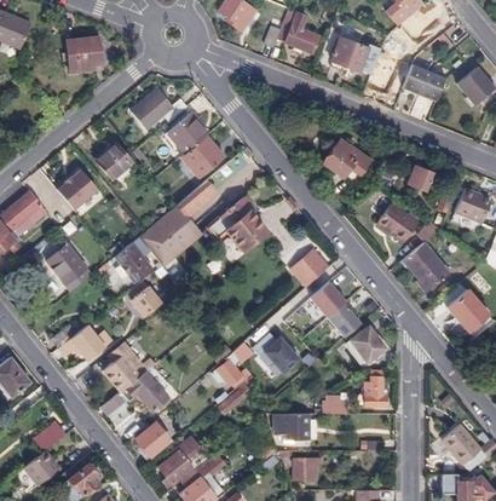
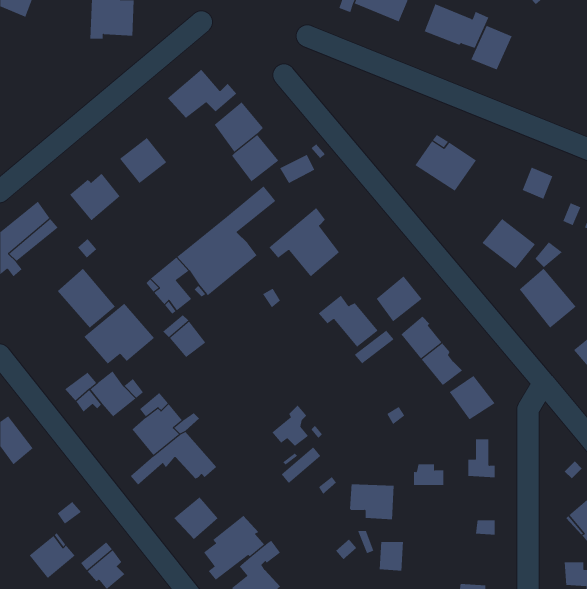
building: [402,65,445,102] -> none
building: none -> [83,303,155,365]
building: [253,328,300,369] -> [318,295,379,348]

